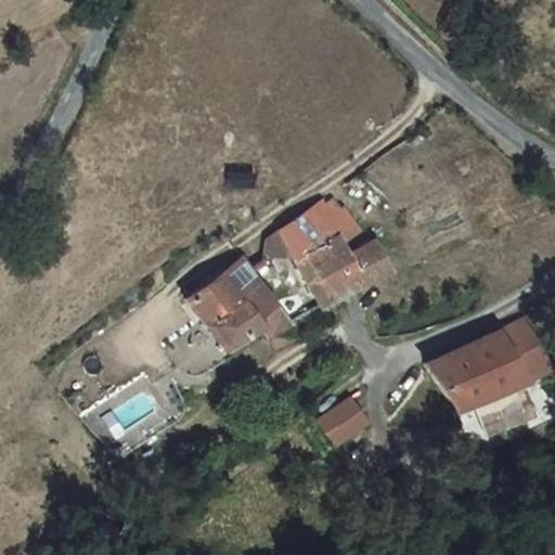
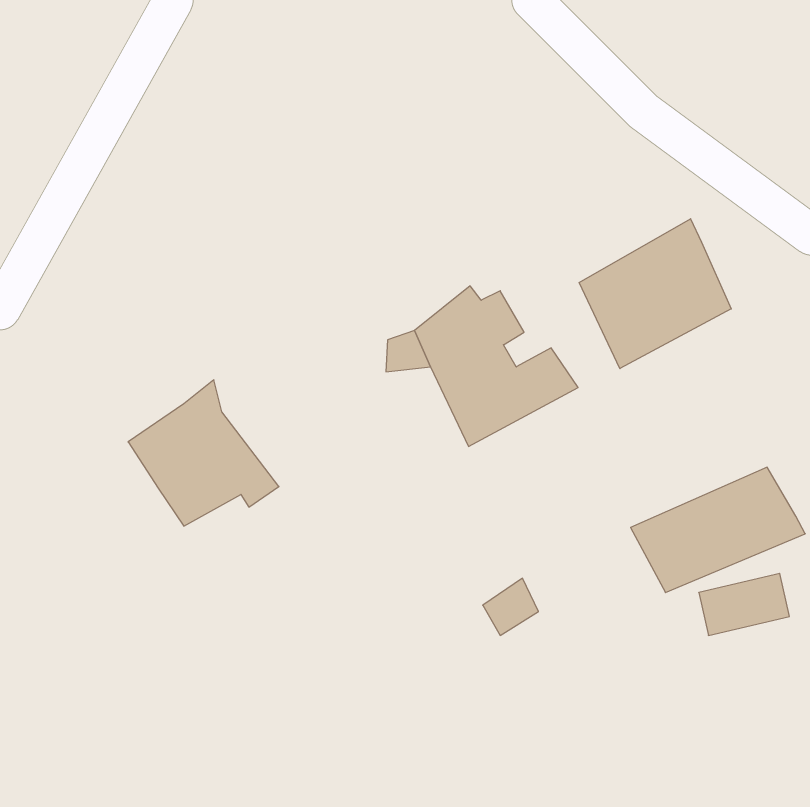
building: none -> [579,219,731,369]
building: [185,253,288,352] -> [128,380,279,526]

